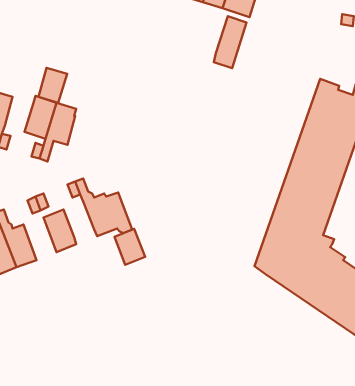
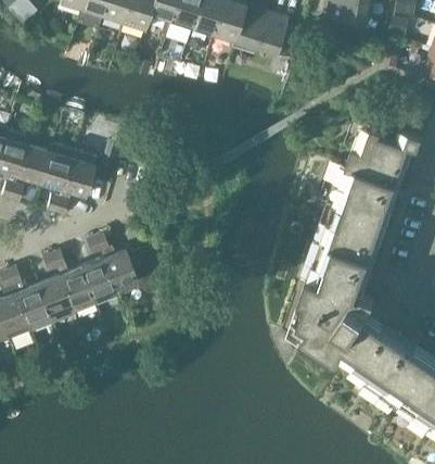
building: [214,16,246,68] -> none
building: [38,68,67,103] -> [16,145,48,183]
building: none -> [37,276,73,323]
building: [114,229,145,265] -> [80,259,114,298]

